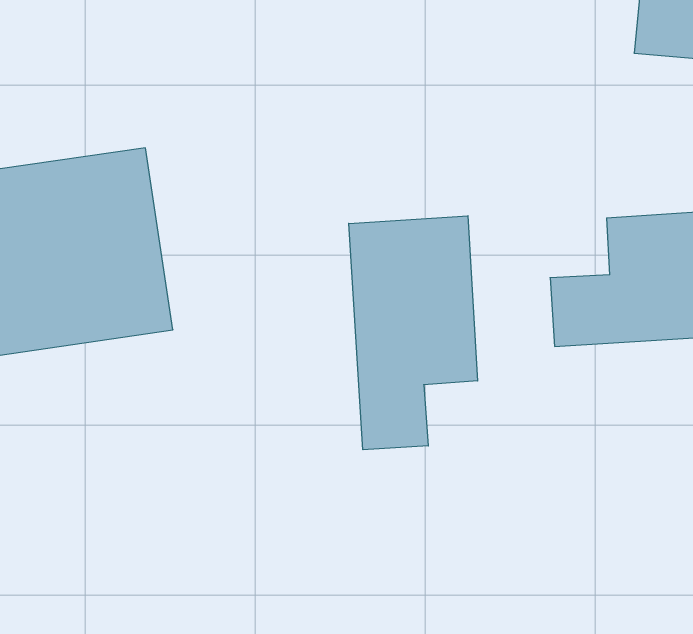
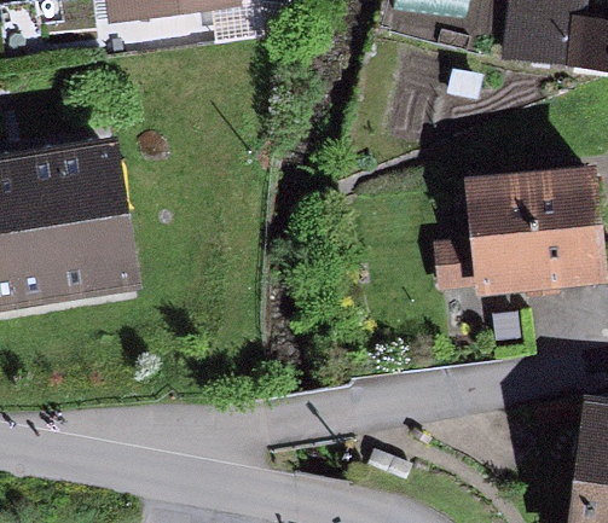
building: [349,216,478,450] -> none

